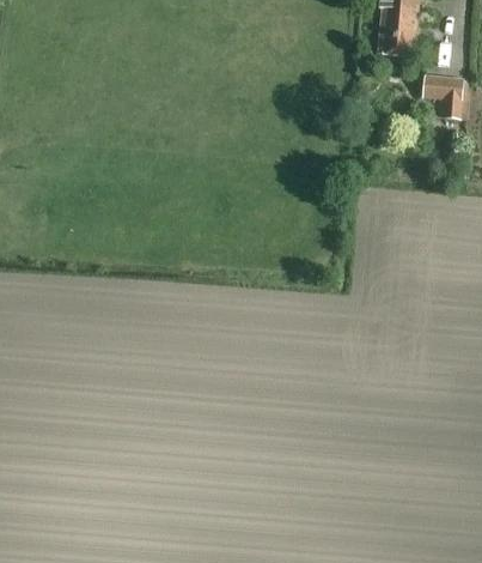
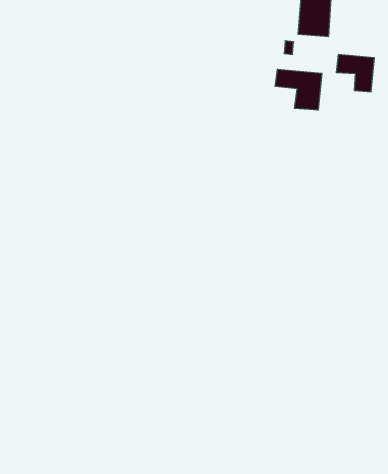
building: none -> [275,69,322,110]

